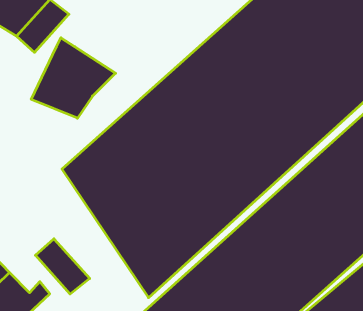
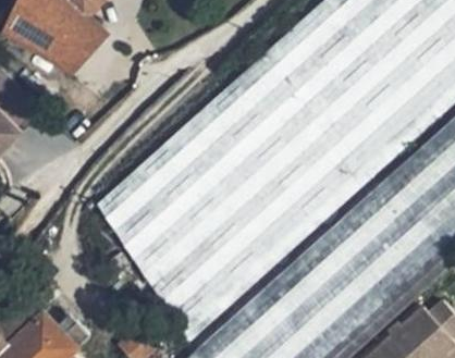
building: [31,38,116,118] -> none
building: [35,239,90,294] -> none

